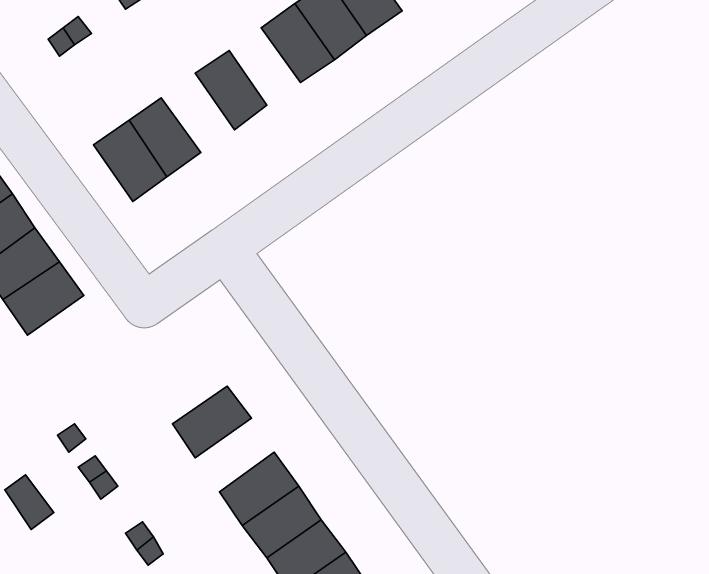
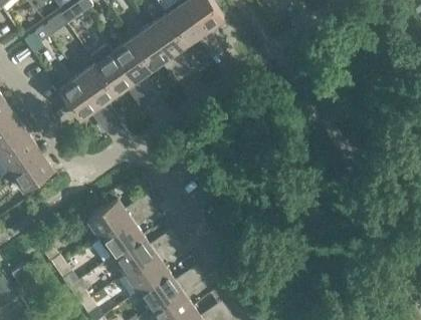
building: none -> [131,28,169,69]
building: none -> [94,52,134,94]
building: none -> [87,200,130,239]
building: none -> [113,236,155,275]

